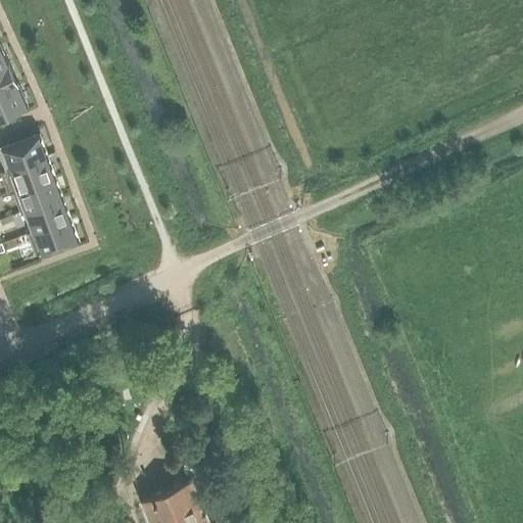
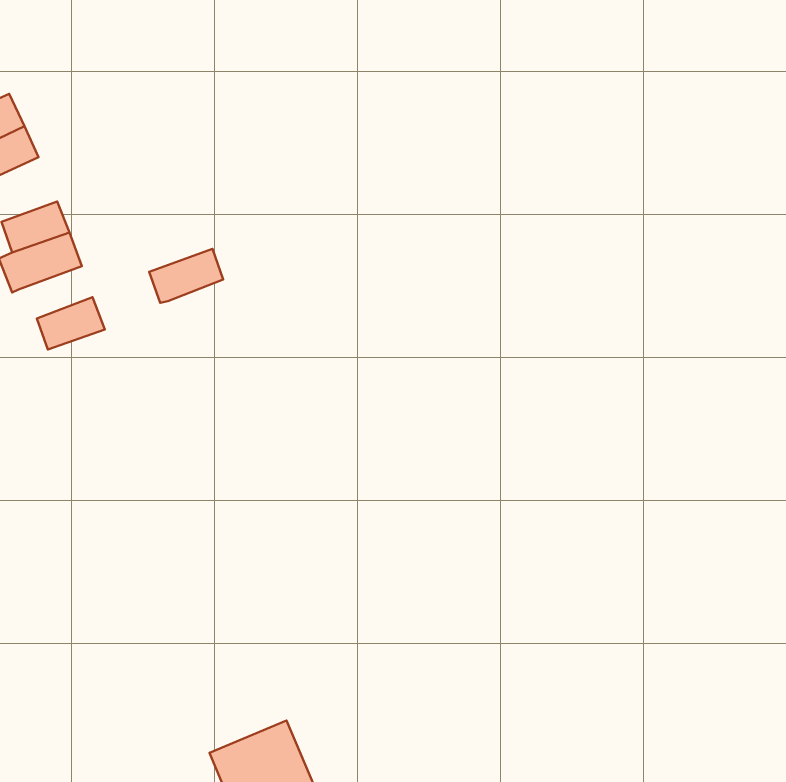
building: [12,180,61,216] -> [149,249,223,303]
building: [32,222,77,255] -> none

